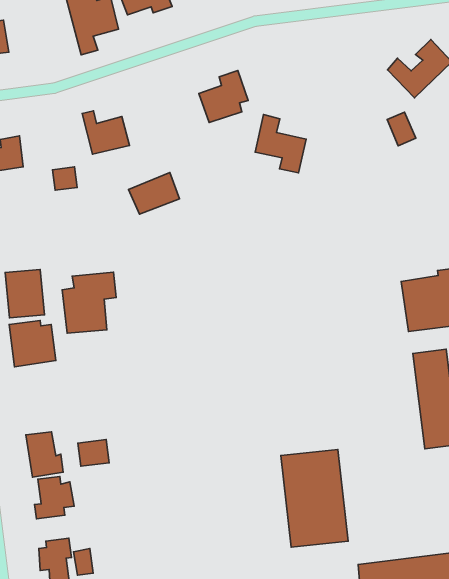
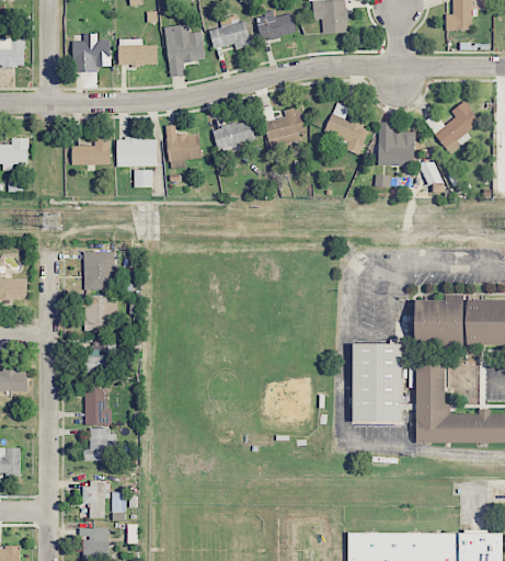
building: none -> [119,38,158,66]
building: none -> [378,134,414,165]
building: [255,114,306,173] -> [325,102,369,154]
building: none -> [116,138,157,167]
building: [129,173,180,214] -> [214,119,255,151]
building: [62,272,116,333] -> none
building: [78,439,109,466] -> [84,355,108,375]
building: [281,450,348,547] -> [353,343,402,422]

